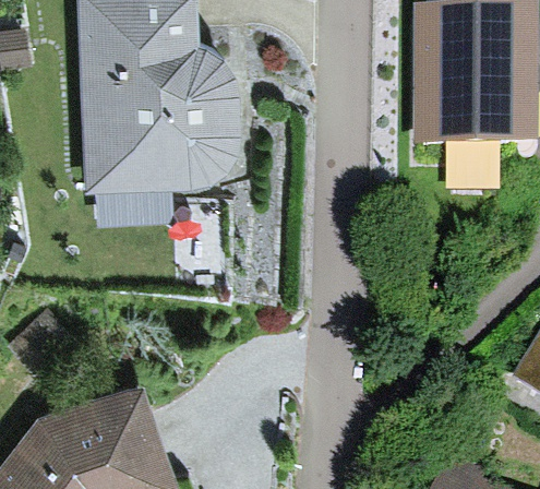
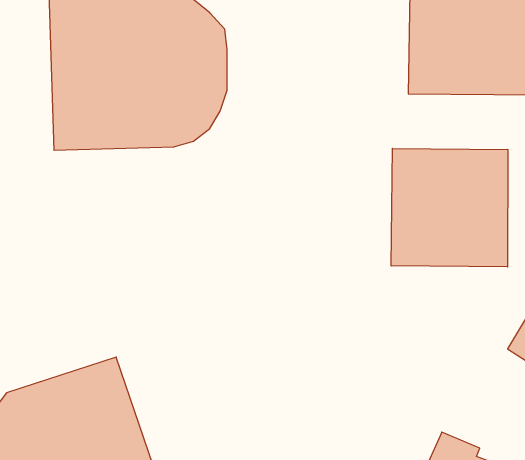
building: none -> [391,148,508,267]

